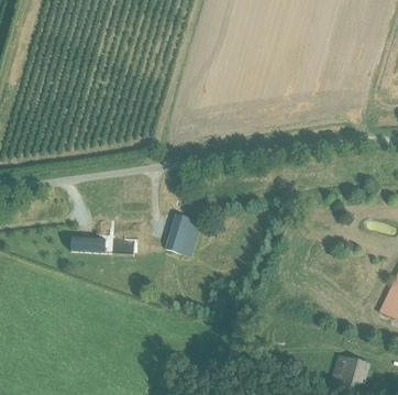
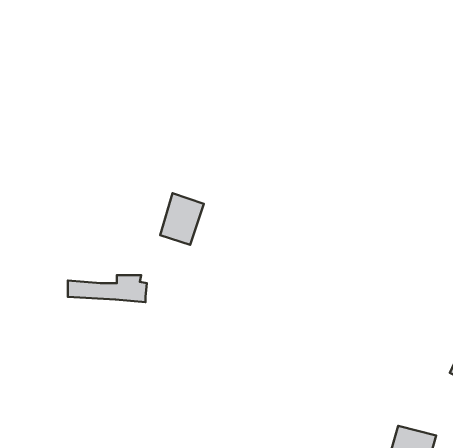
building: [166,213,201,255] -> [160,193,204,245]

